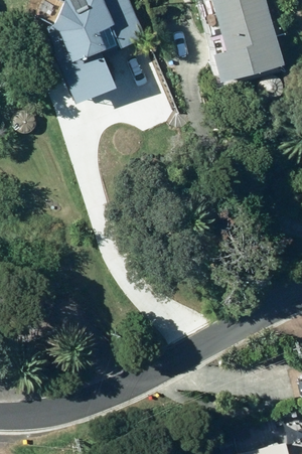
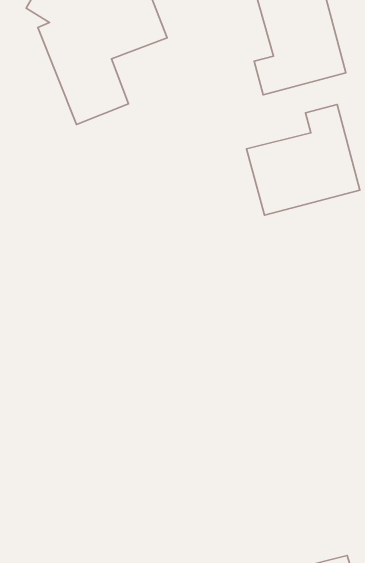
building: none -> [247,105,360,215]

